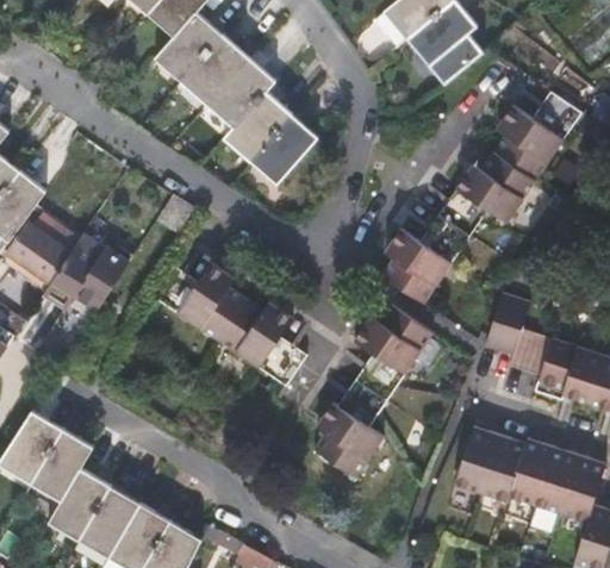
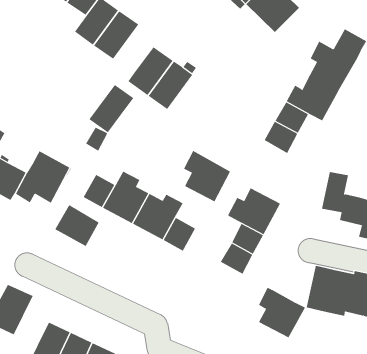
building: [211,56,279,125] -> [89,84,134,133]
building: [378,226,447,304] -> [183,150,231,202]
building: none -> [55,204,100,247]
building: [311,404,381,480] -> [258,287,306,338]
building: [30,430,93,501] -> none

